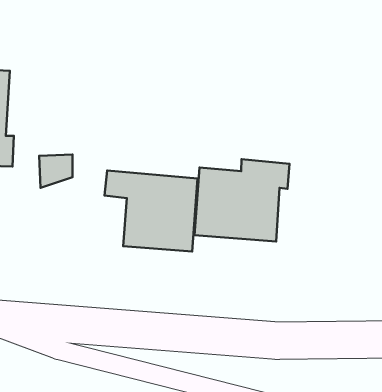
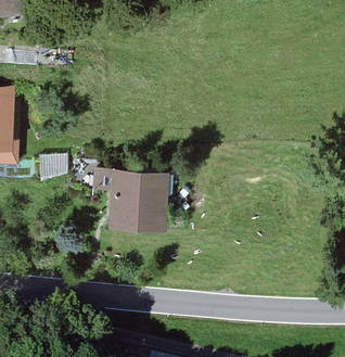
building: [194,159,290,241] -> none

